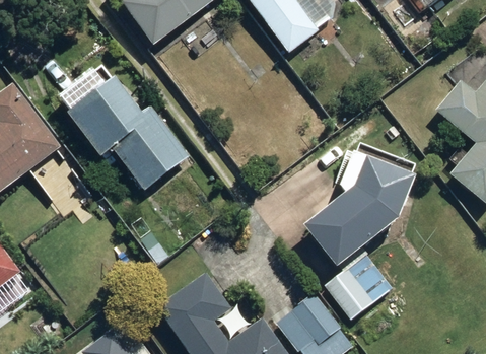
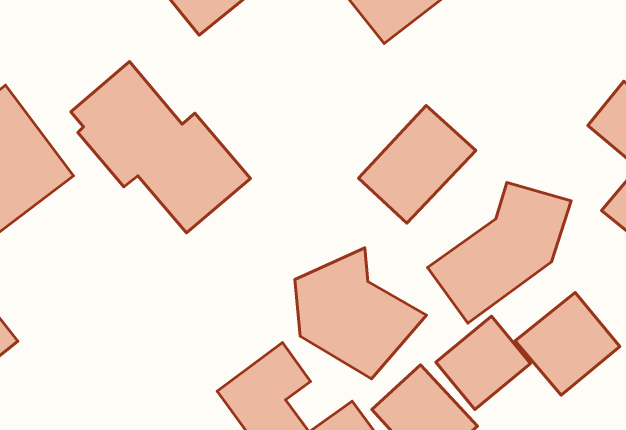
building: none -> [359,105,476,223]
building: none -> [295,248,426,379]
building: none -> [515,292,620,395]

